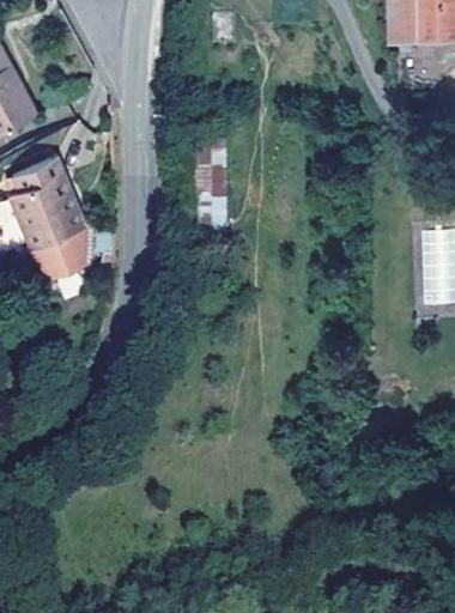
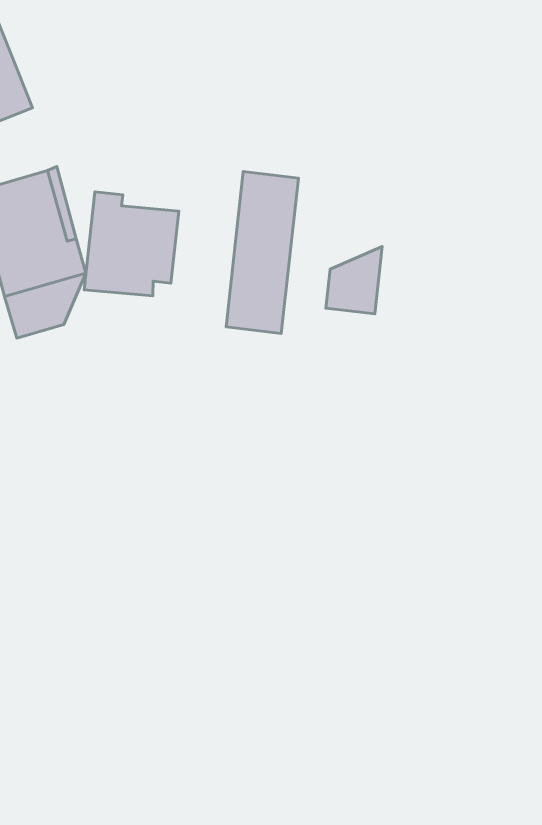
building: none -> [84,192,179,296]
building: none -> [326,246,382,314]

